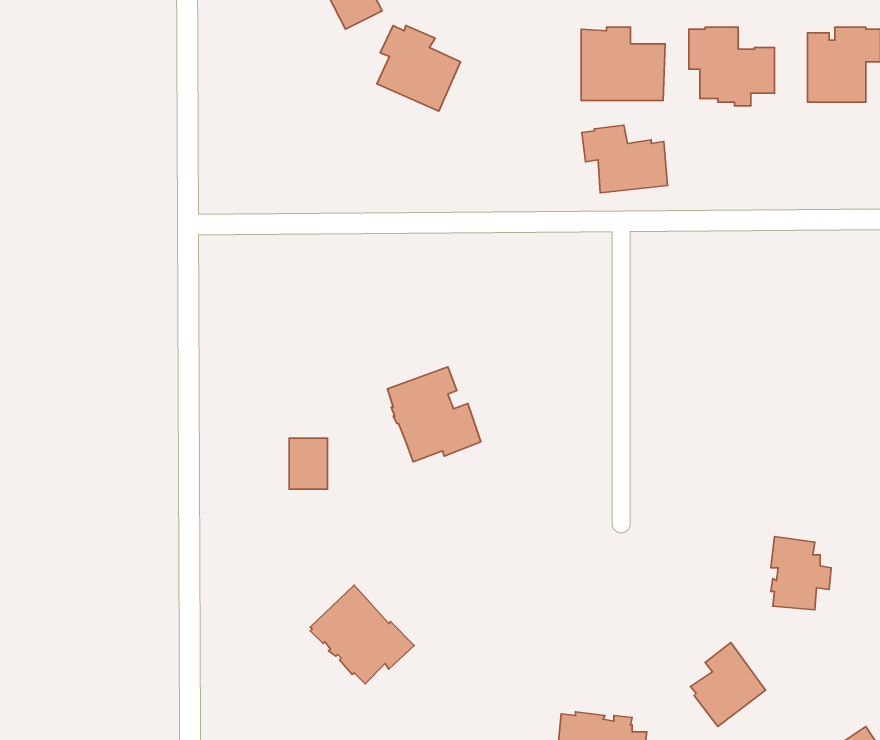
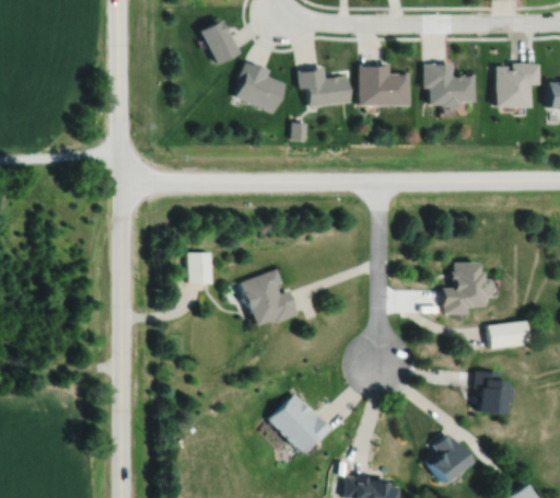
building: [582,125,668,193] -> [299,68,350,108]
building: none -> [442,262,491,313]
building: [289,438,327,489] -> [190,252,213,282]
building: none -> [488,320,529,348]
building: [310,585,414,684] -> [270,393,332,452]

